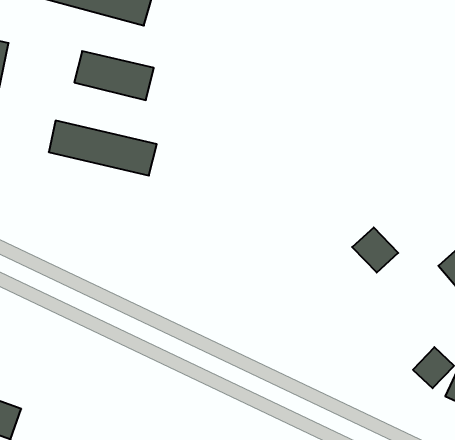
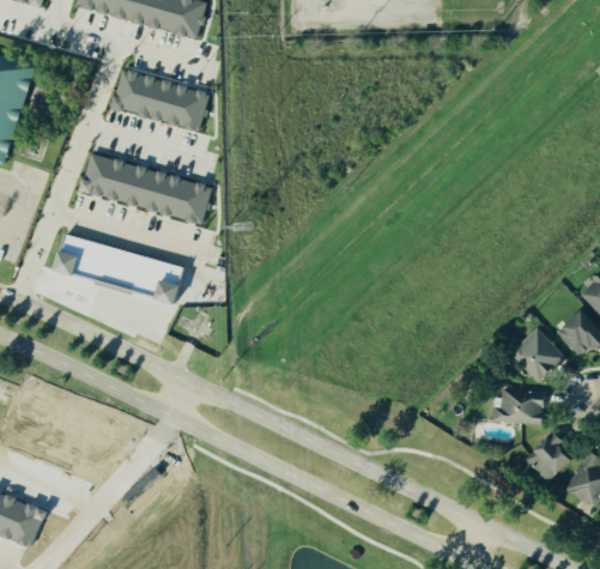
building: none -> [53,234,181,304]
building: [352,227,398,273] -> [509,327,565,382]
building: none -> [489,388,539,426]

